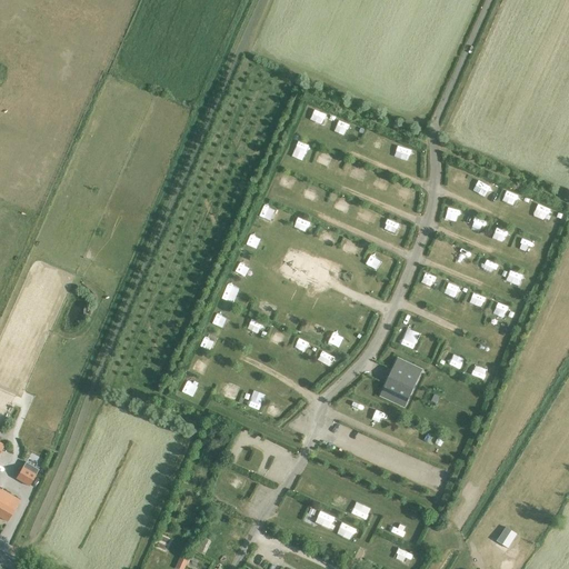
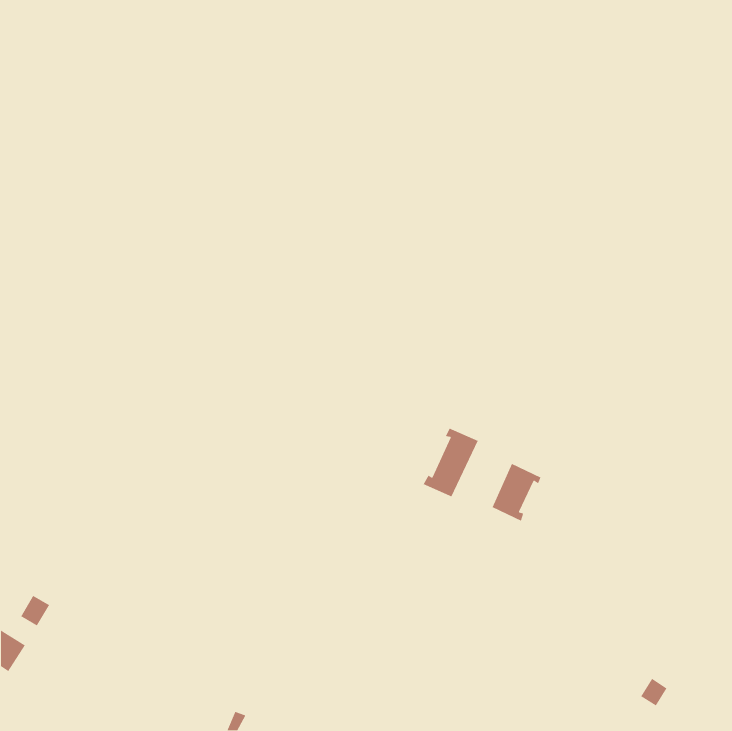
building: none -> [423,428,479,498]

